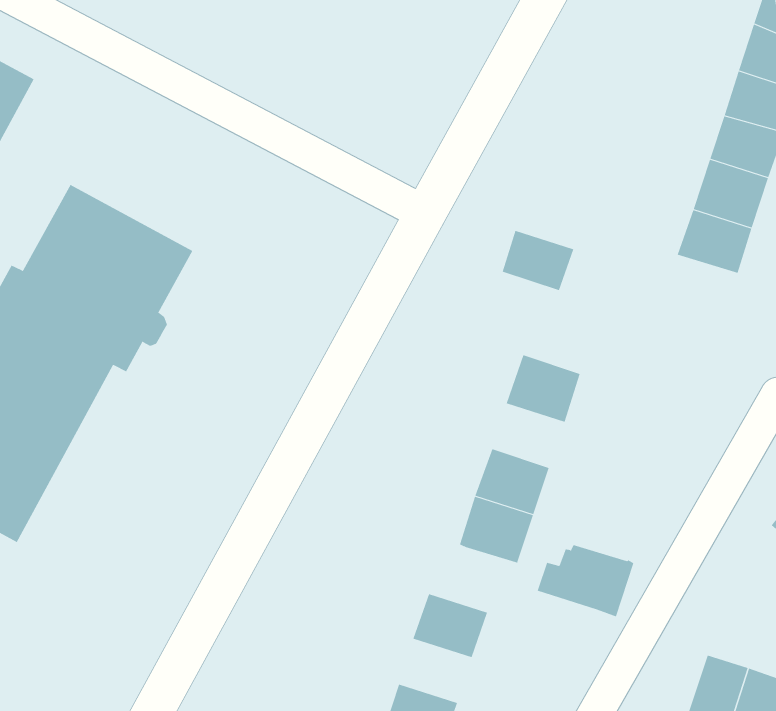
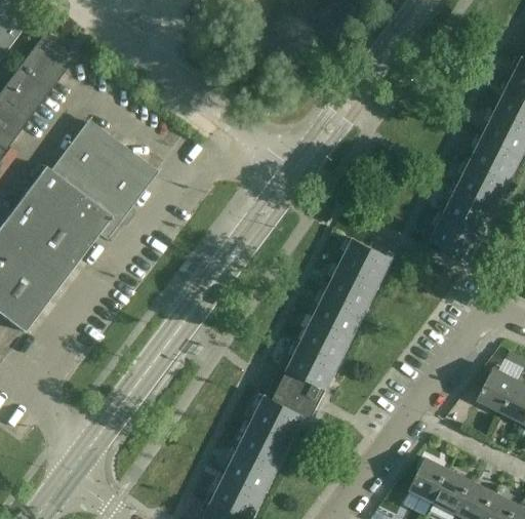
building: [502,230,574,291] -> [342,240,388,280]
building: none -> [431,217,478,261]
building: none -> [316,291,362,333]
building: [537,544,634,617] -> [266,373,326,421]
building: none -> [240,424,286,466]

